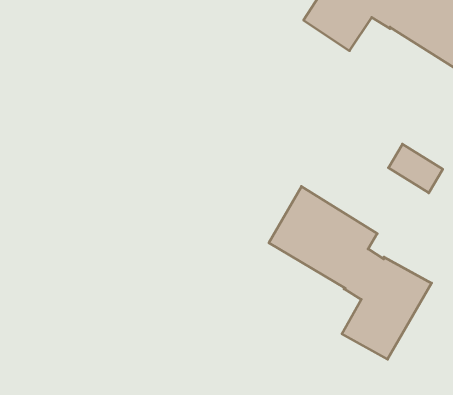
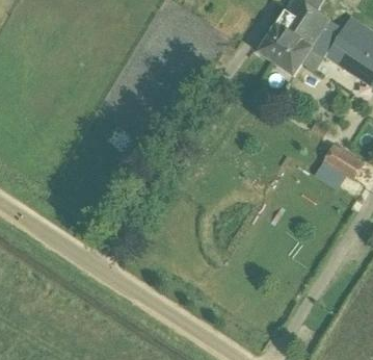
building: [269,186,432,359] -> none

